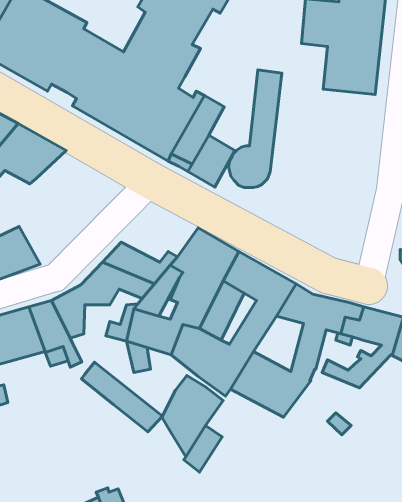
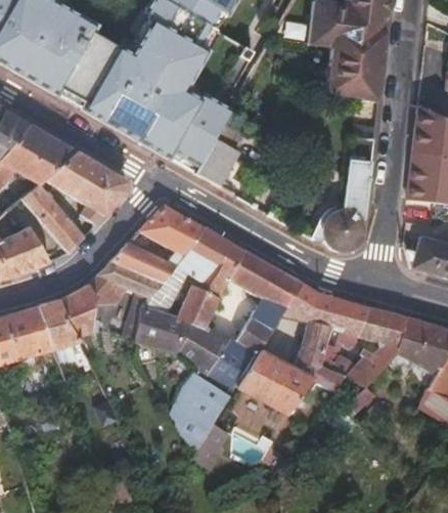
building: [229,70,282,188] -> [322,135,374,251]
building: none -> [46,152,127,225]
building: none -> [21,184,85,254]
building: none -> [140,204,206,256]
building: [81,362,162,432] -> none

